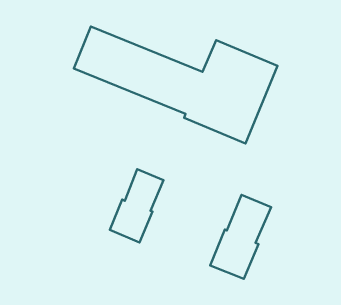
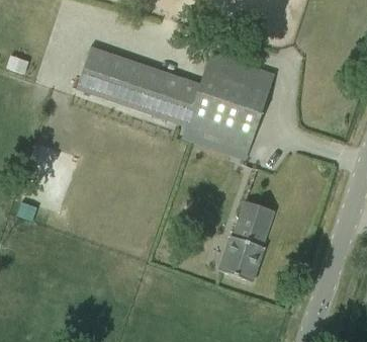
building: [110,169,163,242] -> none

